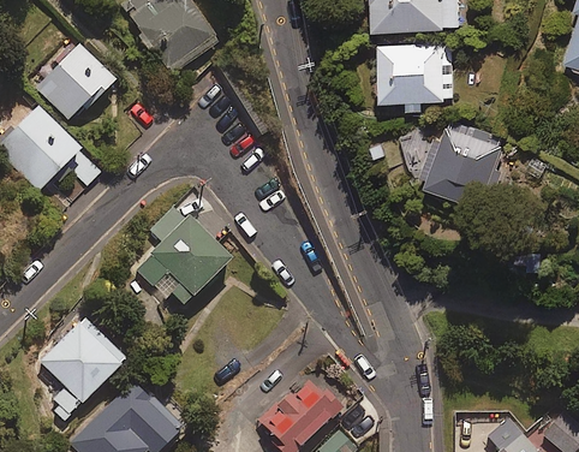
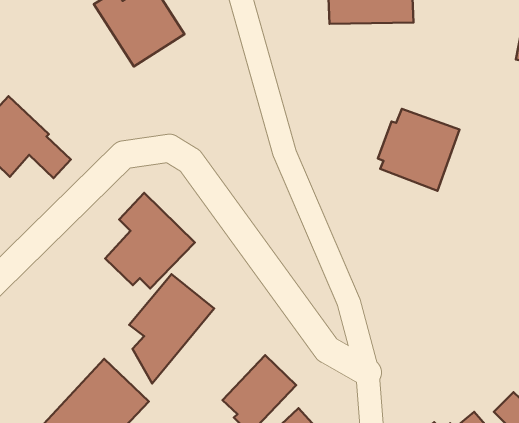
building: [378,38,454,106] -> none
building: [35,43,115,119] -> none
building: [42,314,131,428] -> [129,274,214,383]

